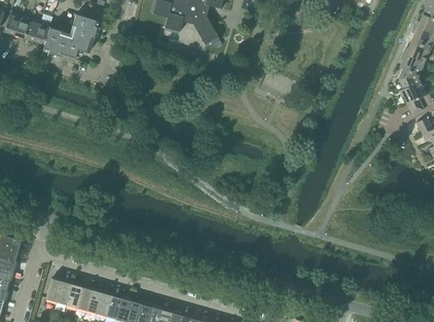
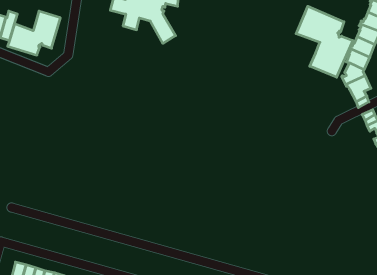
building: none -> [296,6,353,77]

